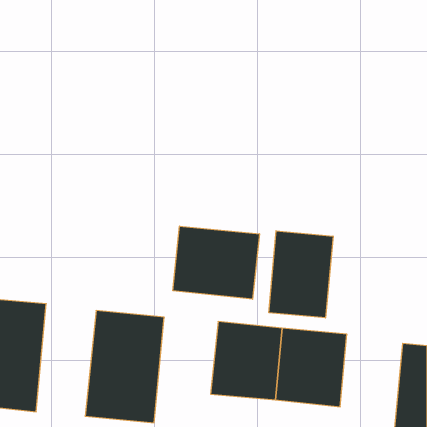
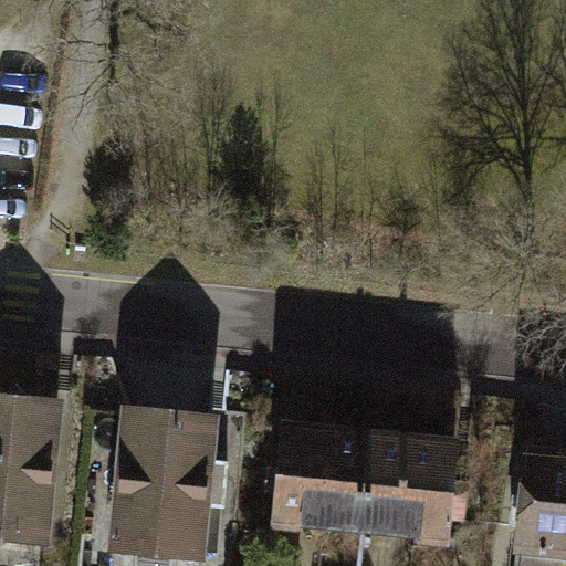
building: [173,226,259,299] -> none
building: [269,231,333,318] -> none

